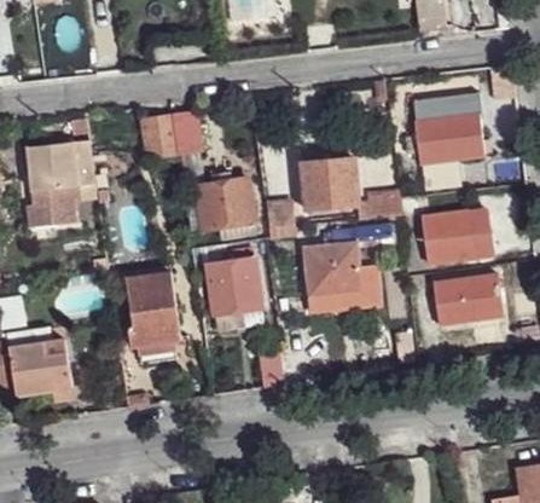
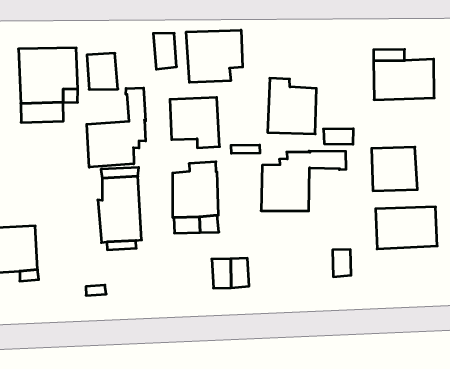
building: none -> [186,30,243,82]
building: [141,116,179,158] -> [87,53,118,89]
building: none -> [87,88,146,167]

